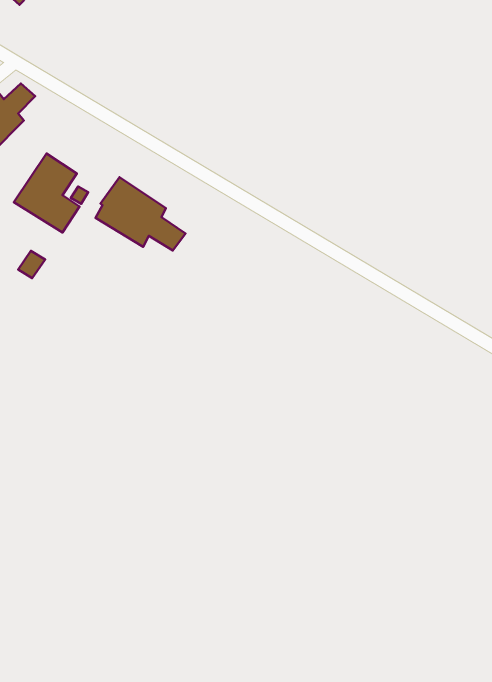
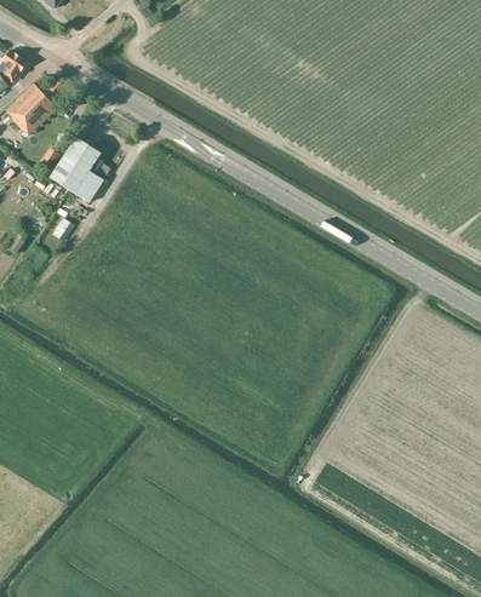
building: [95,177,186,251] -> none

